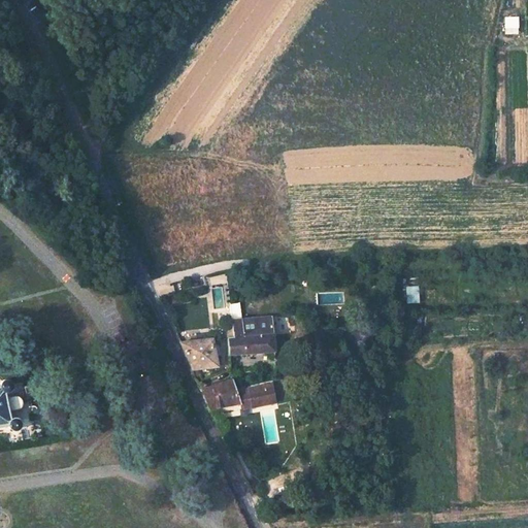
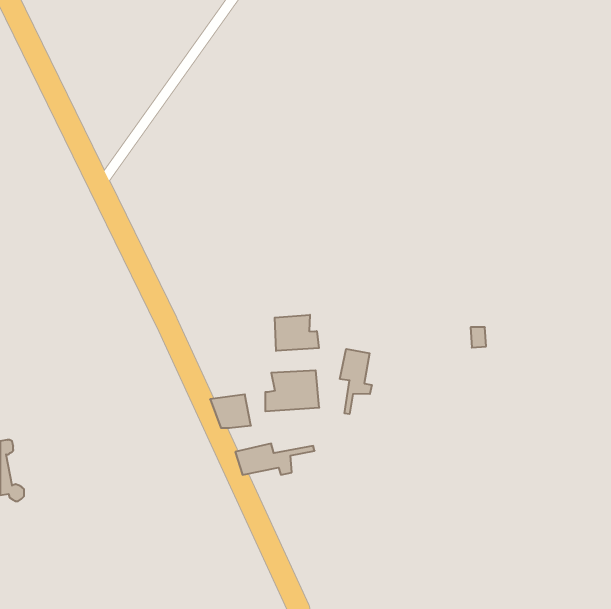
building: none -> [275,315,319,351]
building: none -> [340,349,372,414]

